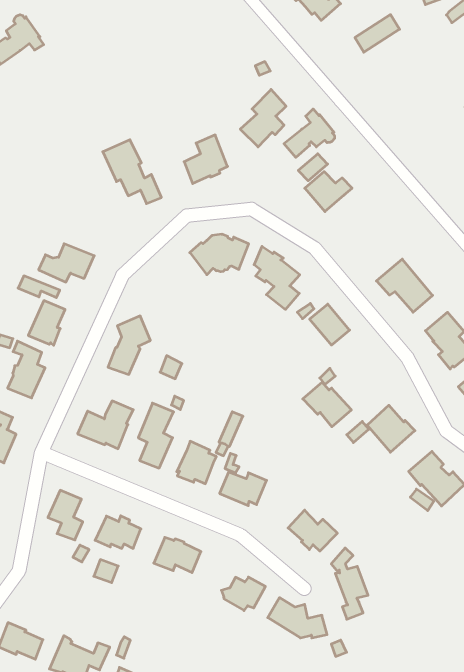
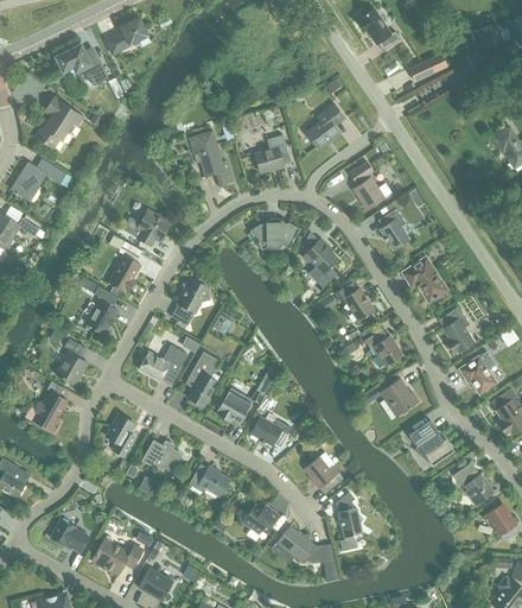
building: [284,109,335,157] -> none
building: none -> [377,208,408,249]
building: [303,382,351,427] -> [363,328,402,366]

